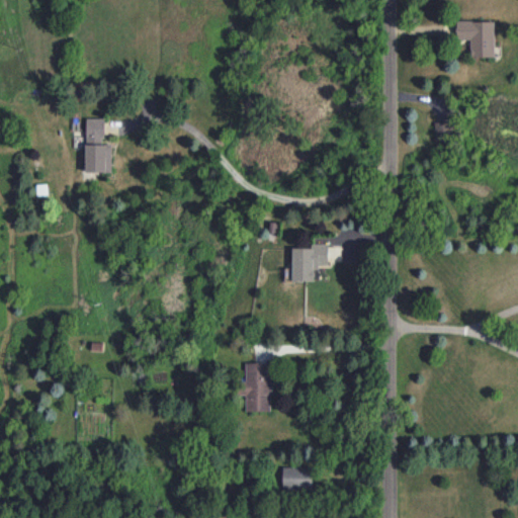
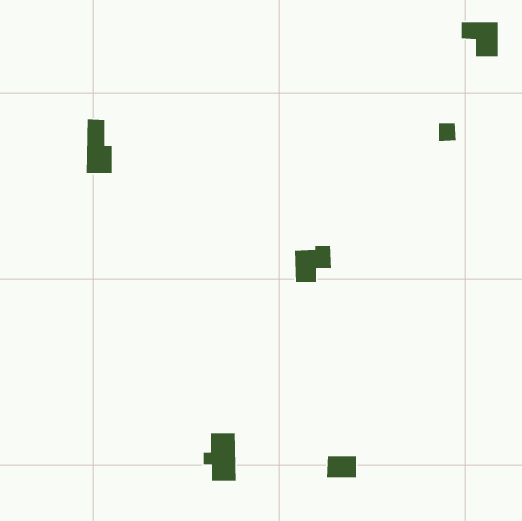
building: [238,363,271,412] -> [203,433,237,482]
building: [282,467,313,490] -> [326,456,357,478]

